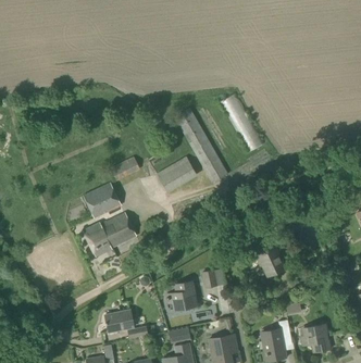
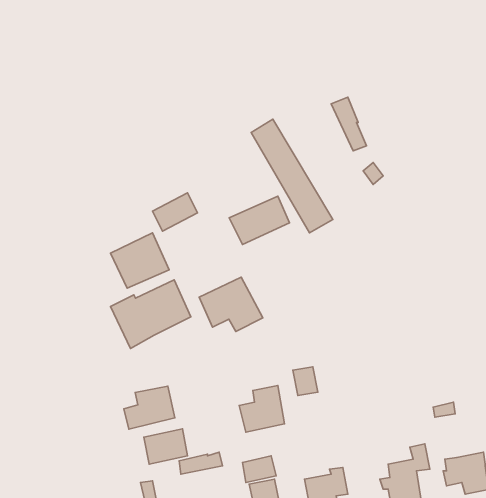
building: none -> [199,277,263,331]
building: [254,247,285,275] -> none
building: none -> [124,386,175,429]

